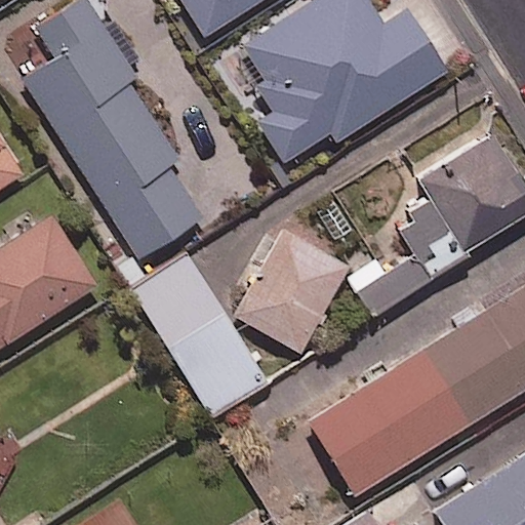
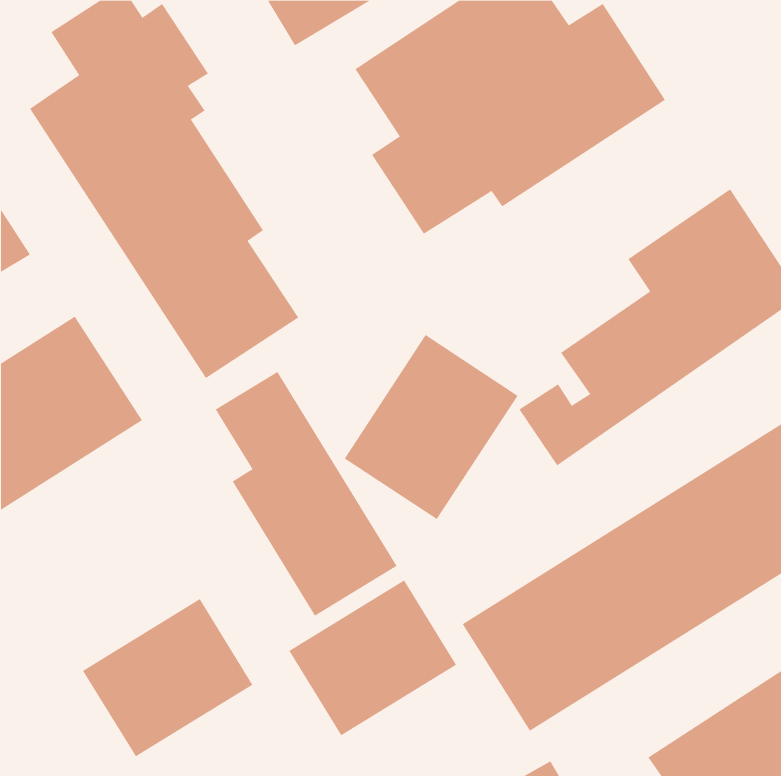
building: none -> [288,580,457,736]
building: none -> [82,598,253,757]

